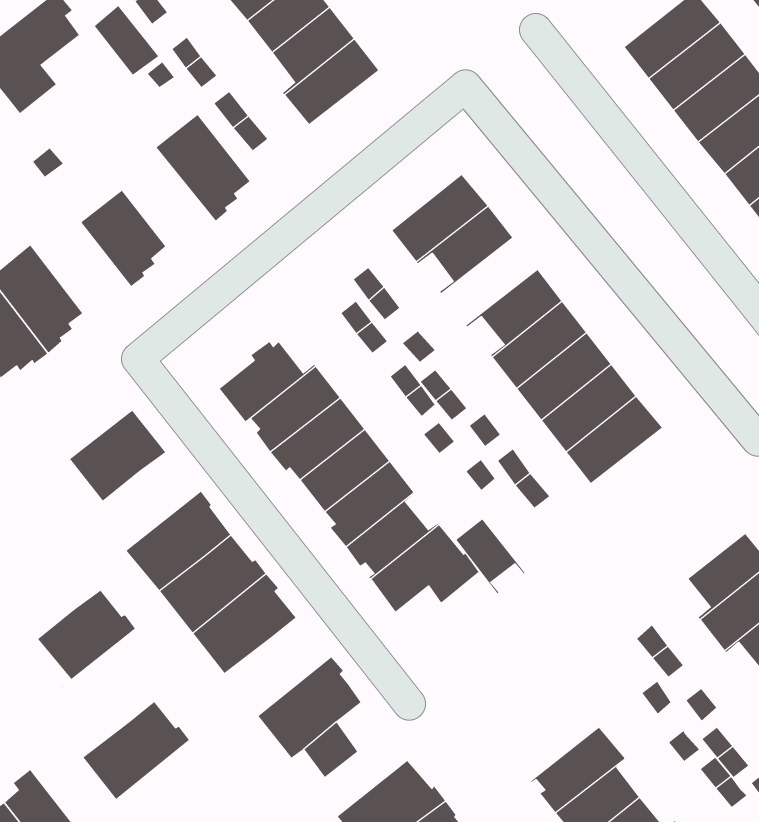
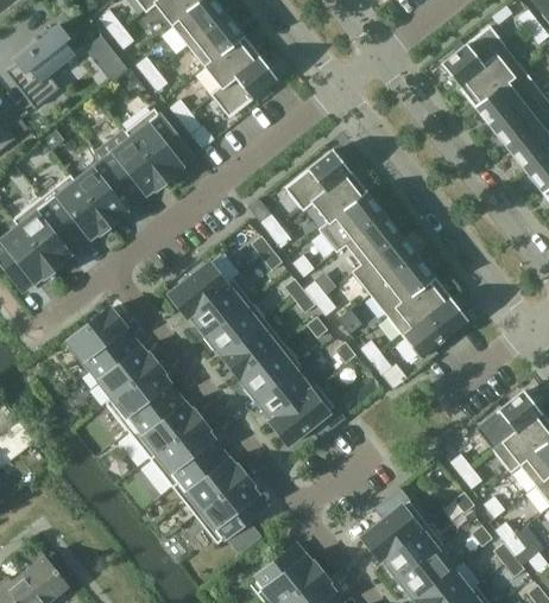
building: none -> [103,132,166,198]
building: none -> [42,176,109,243]
building: none -> [318,192,384,252]
building: [456,518,526,594] -> none
building: [37,590,136,688] -> [90,337,157,404]
building: none -> [361,488,425,559]
building: [82,701,190,800] -> [172,449,245,515]

